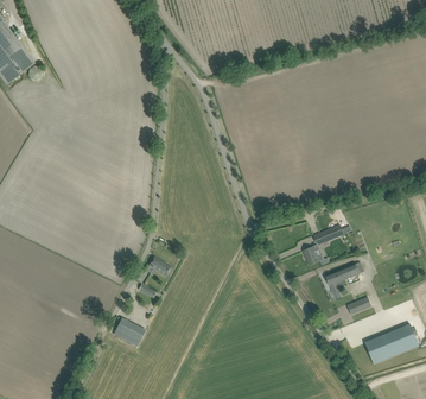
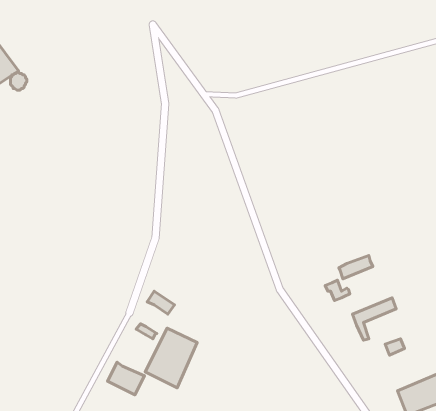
building: none -> [145,328,197,388]

